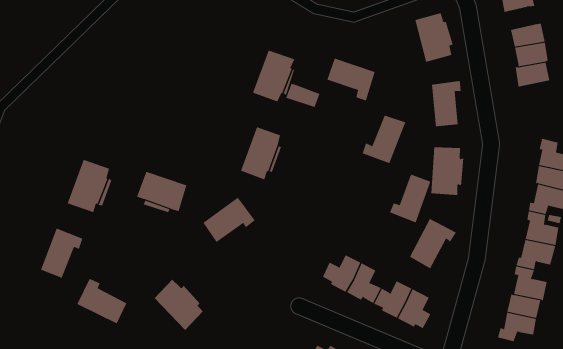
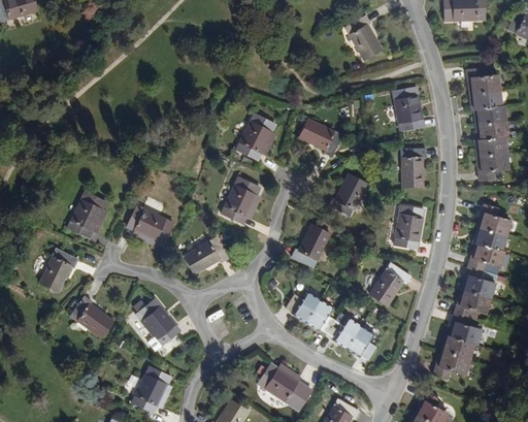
building: none -> [466,91,495,109]
building: none -> [472,157,503,184]
building: [286,83,320,108] -> none
building: [389,174,431,223] -> [295,224,334,267]

